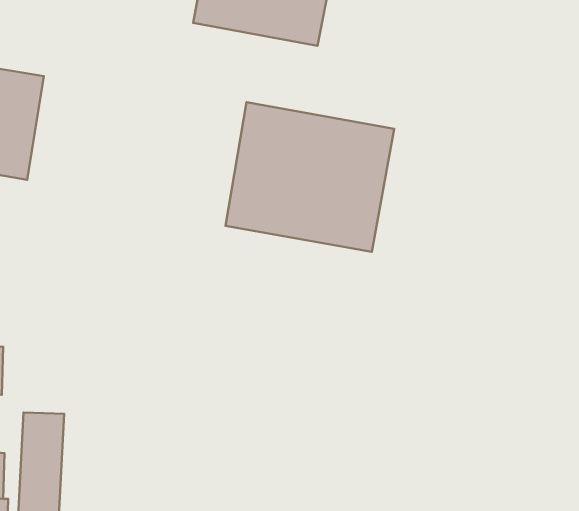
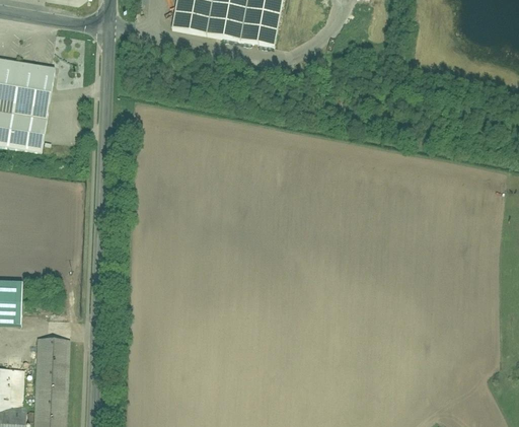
building: [226,102,394,252] -> none

